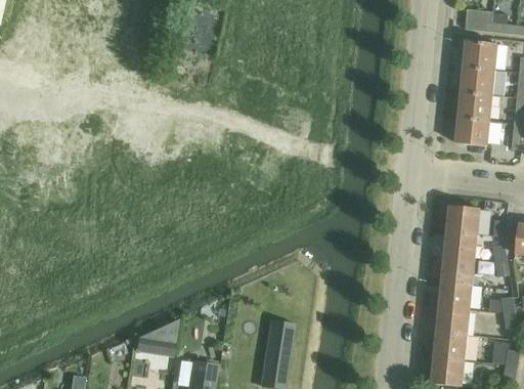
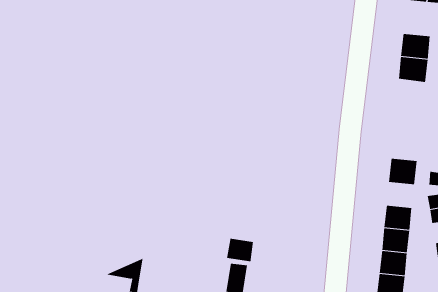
building: [464,41,497,70] -> none
building: [455,117,489,146] -> none
building: [445,231,477,260] -> none
building: none -> [227,238,254,262]

